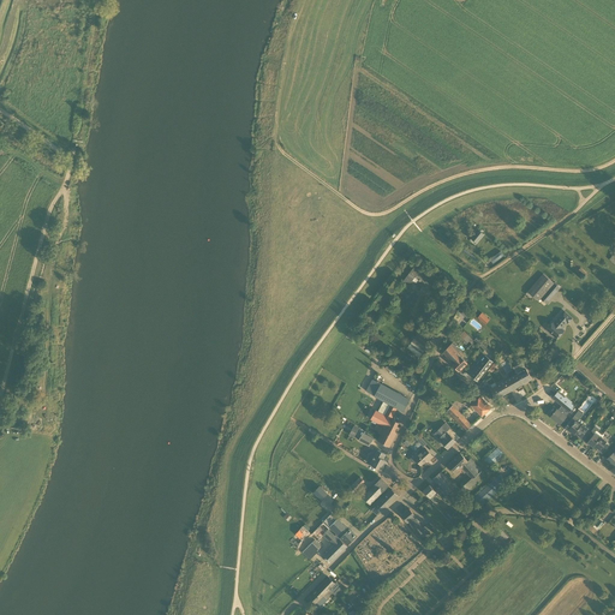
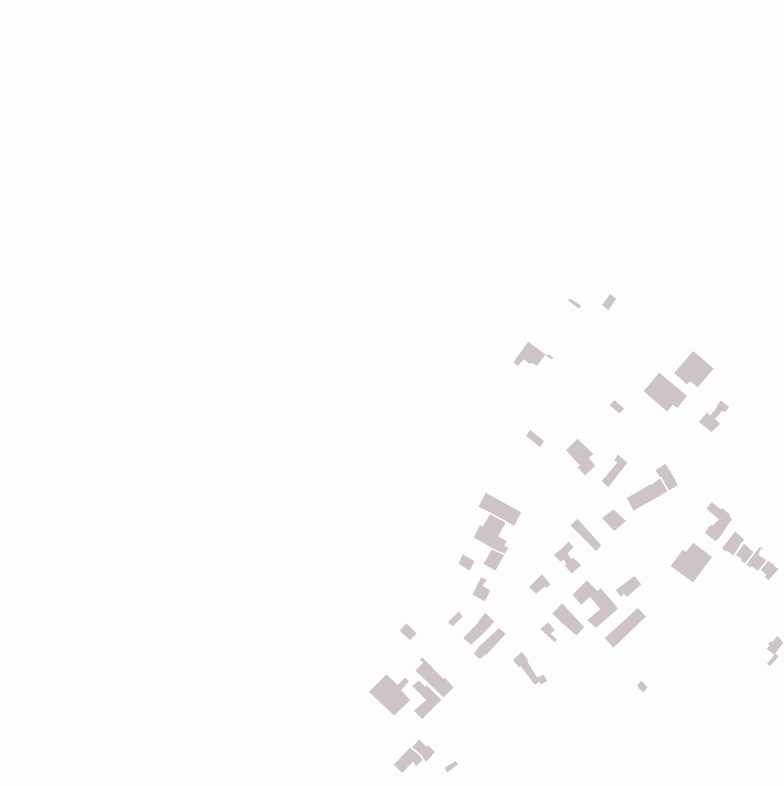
building: none -> [642,371,688,412]
building: none -> [670,542,713,584]

